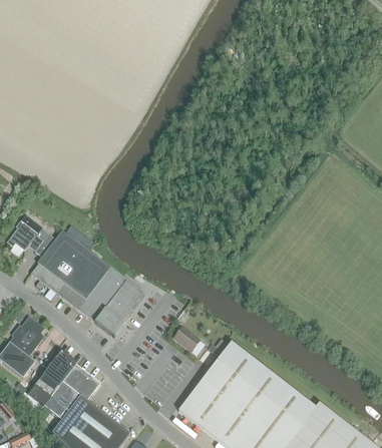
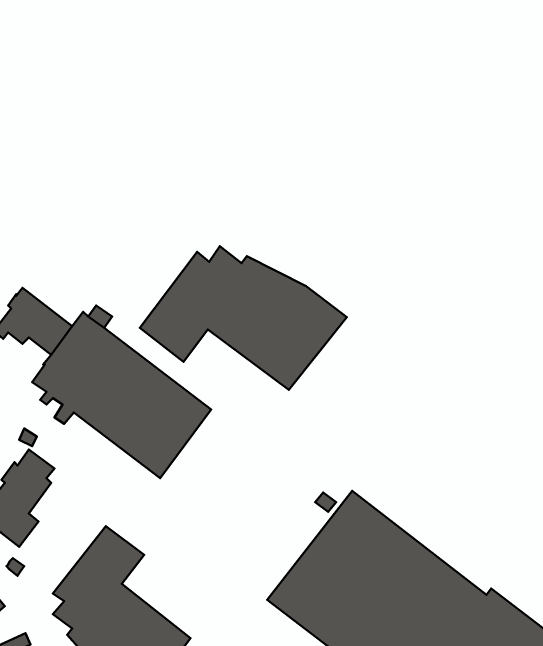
building: none -> [140,246,347,390]
building: [173,326,202,352] -> none
building: [25,351,77,411] -> none

